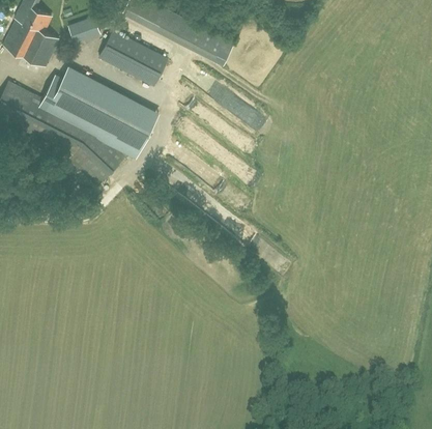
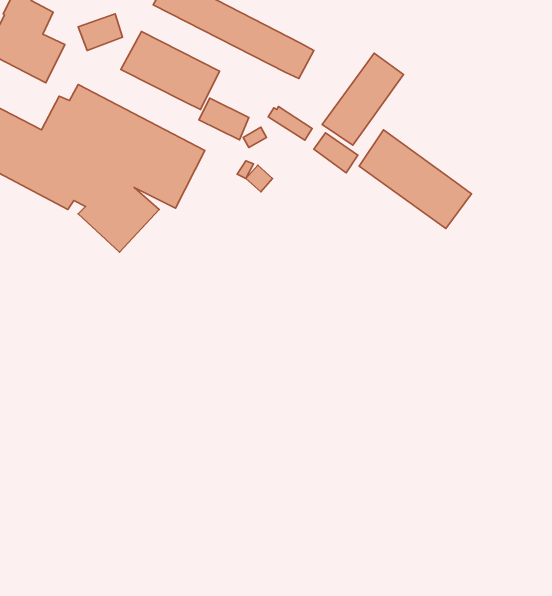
building: none -> [322,53,403,145]
building: none -> [199,98,249,140]
building: none -> [359,130,471,229]

